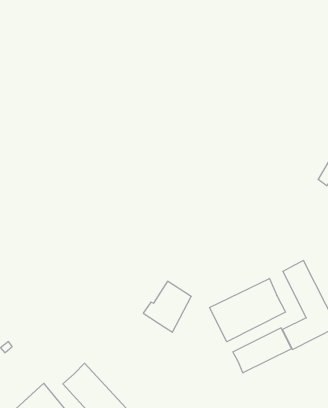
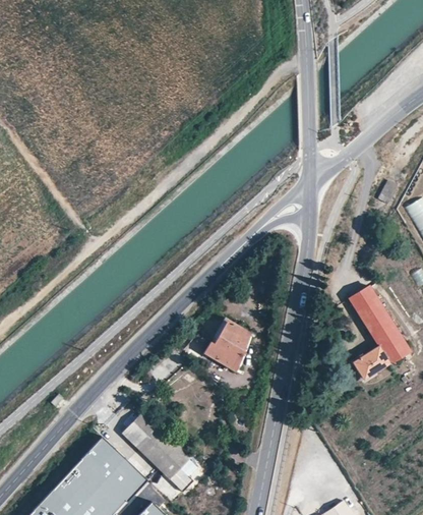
building: [210,278,286,342] -> none
building: [233,328,292,373] -> none

